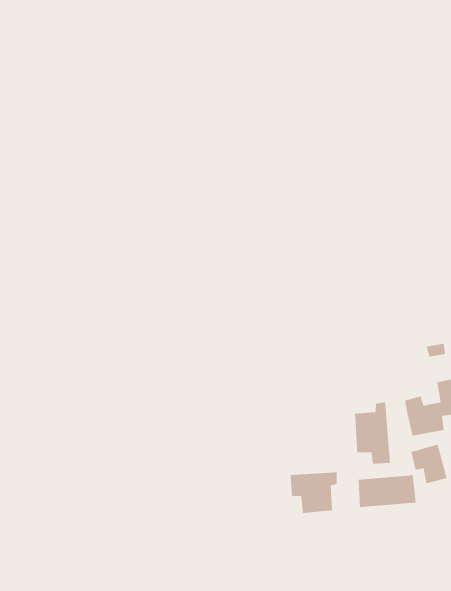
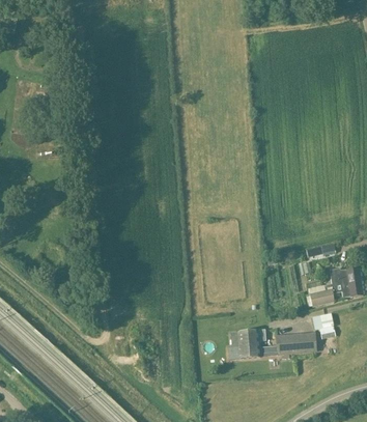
building: [354,401,391,465] -> none

